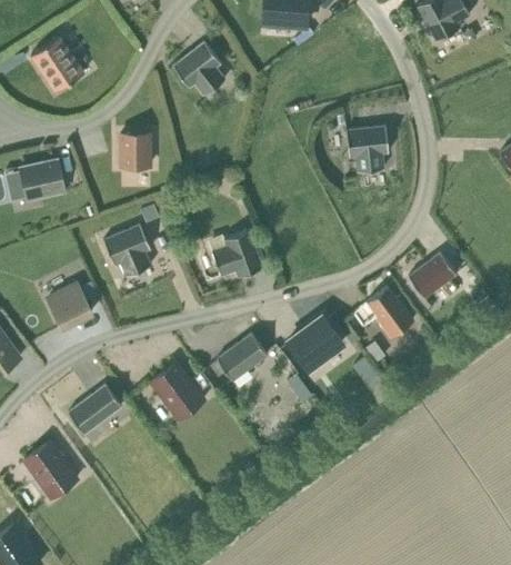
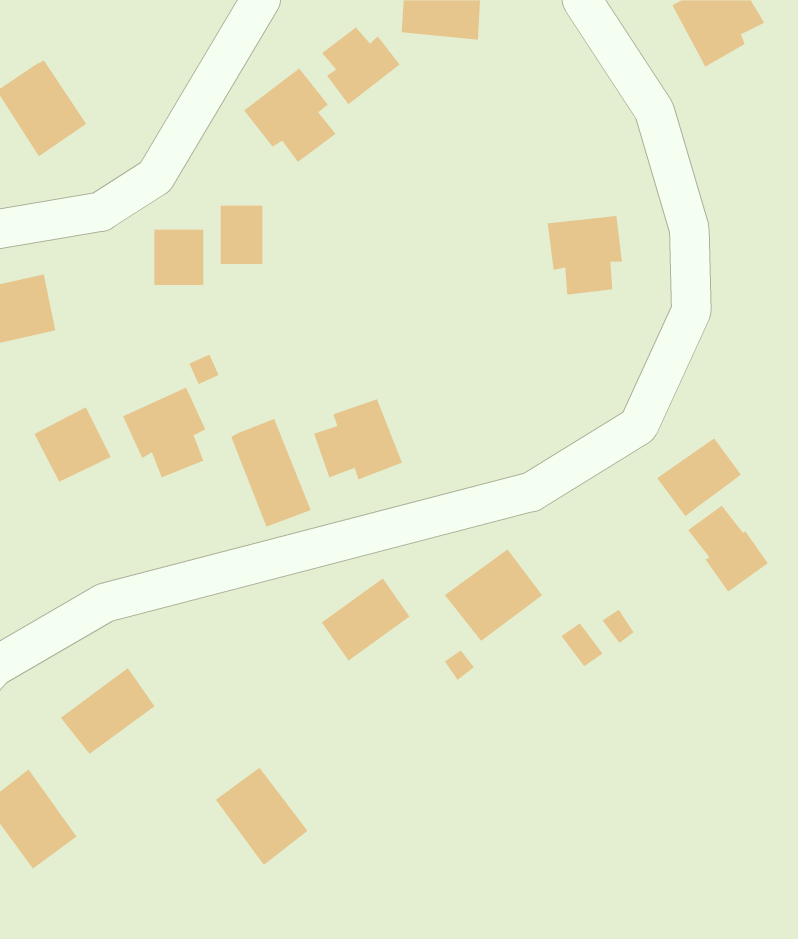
building: none -> [321,26,400,105]
building: none -> [220,205,263,265]
building: none -> [231,418,312,528]
building: [47,285,91,328] -> [33,407,111,482]
building: [365,288,412,338] -> [687,505,769,592]
building: [150,364,203,420] -> [215,767,308,866]

